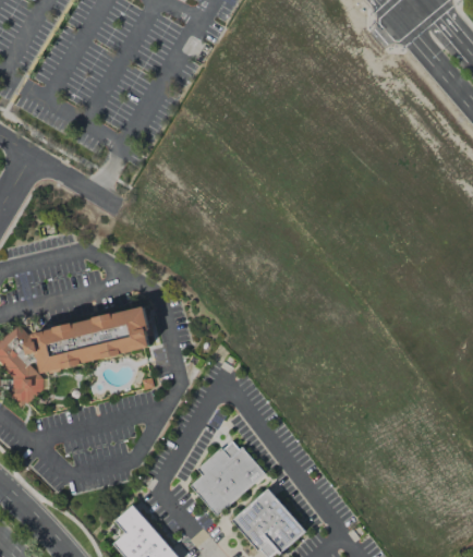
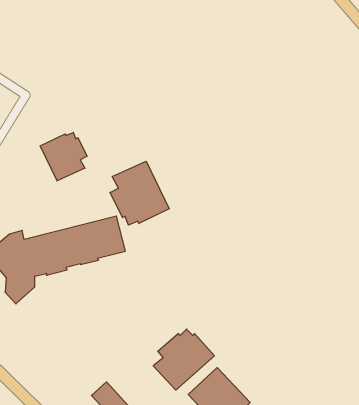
building: none -> [40,132,87,181]
building: none -> [110,161,169,225]

